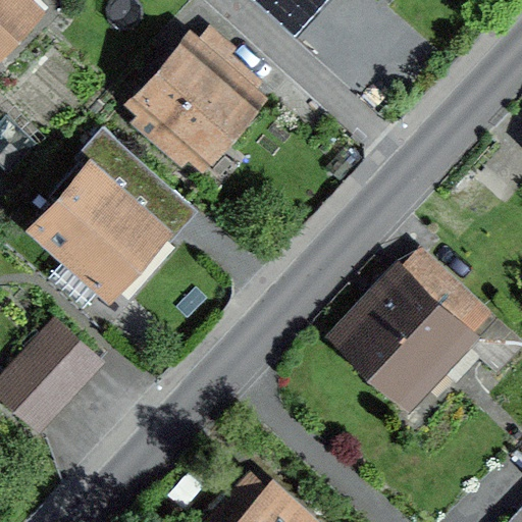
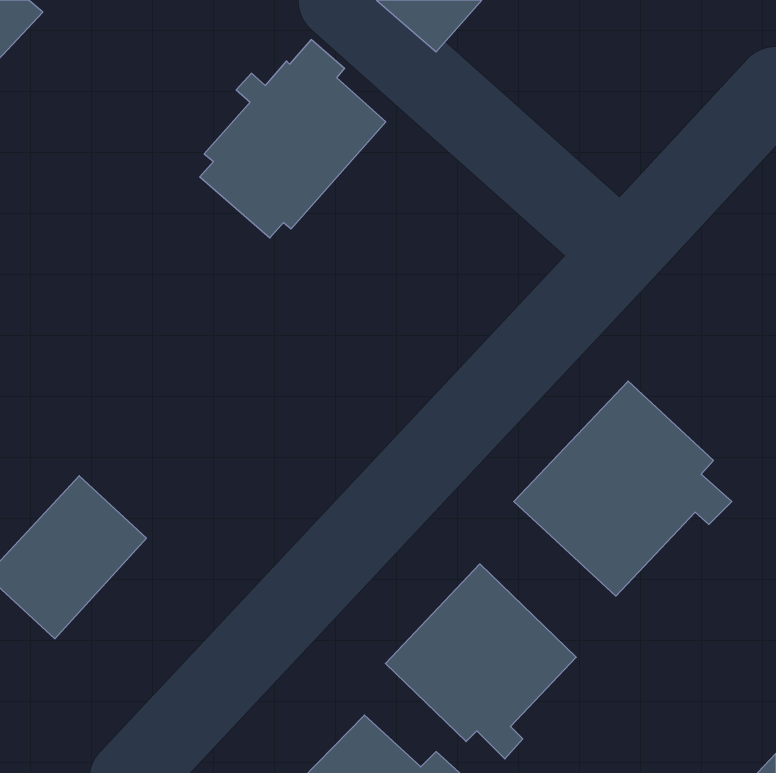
building: [39,128,153,283] -> none
building: none -> [385,564,576,759]

